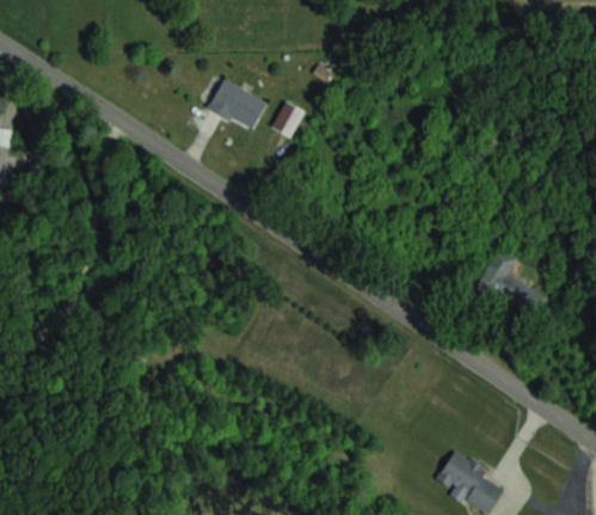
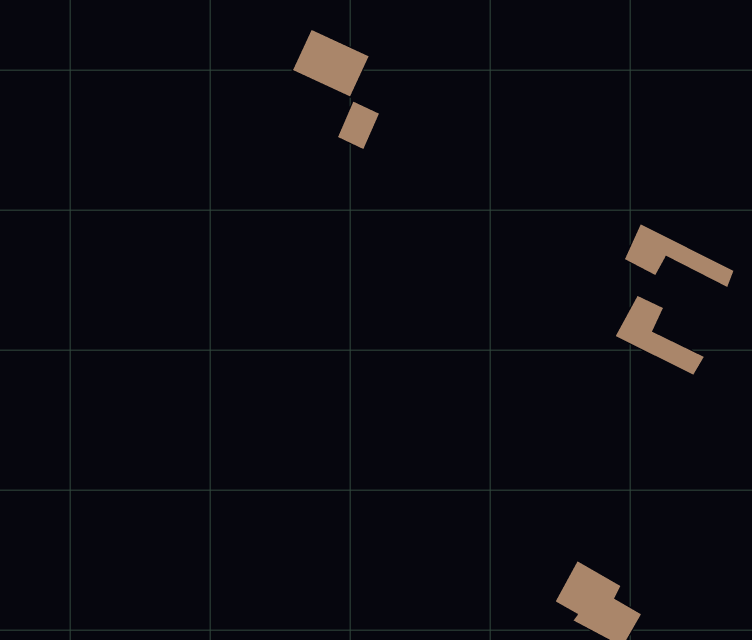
building: [207,80,265,131] -> [292,29,370,97]
building: none -> [624,223,734,288]

